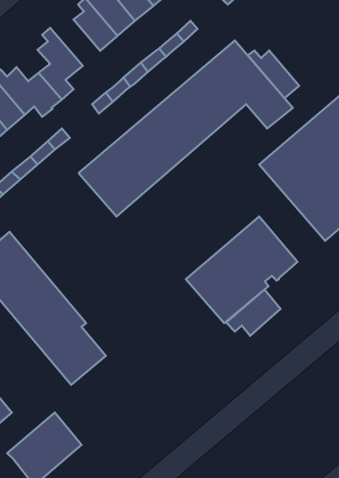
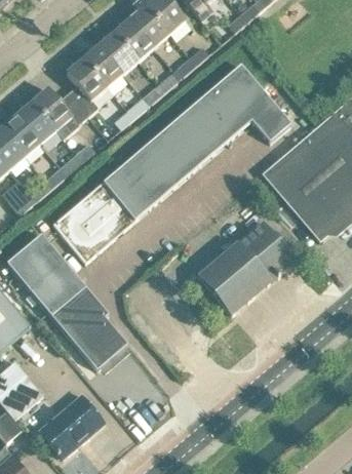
building: none -> [78,46,122,87]
building: [248,51,299,98] -> none
building: none -> [53,183,136,263]
building: [226,290,281,336] -> none

